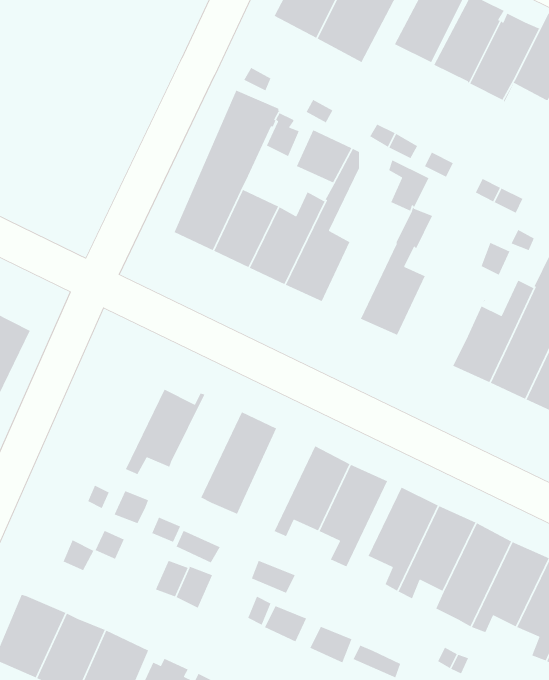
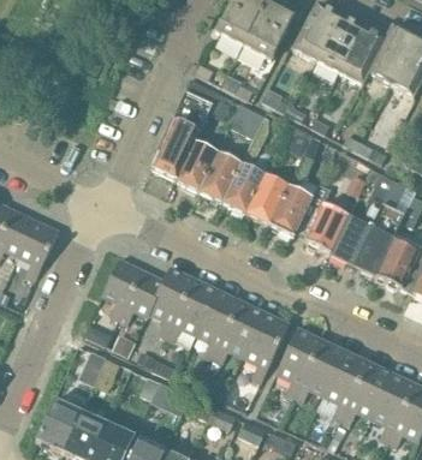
building: none -> [245,169,292,223]
building: none -> [293,196,349,253]
building: none -> [101,257,144,319]
building: none -> [149,271,194,337]
building: none -> [196,293,240,359]

